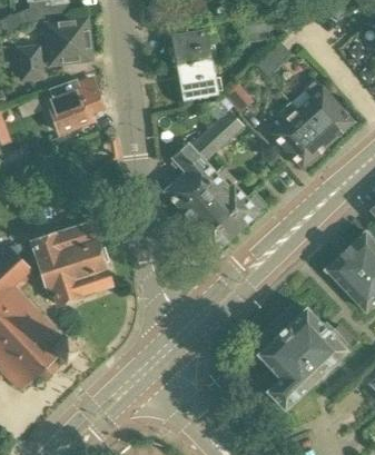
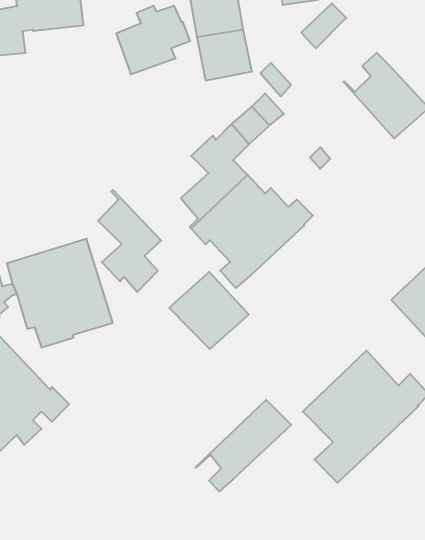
building: [48,79,105,131] -> [116,6,190,74]
building: [272,101,328,170] -> none
building: none -> [98,190,161,292]
building: none -> [169,272,249,349]
building: none -> [195,400,291,491]

